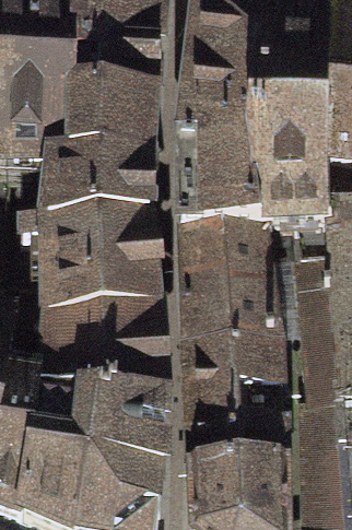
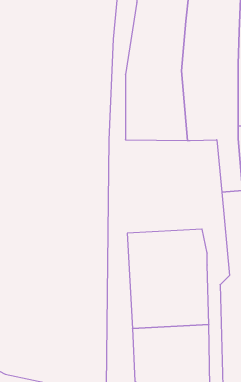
building: [178,220,275,339] -> none

